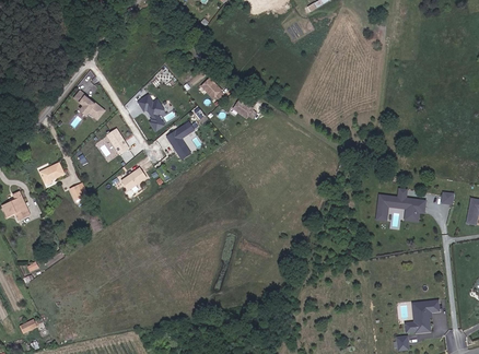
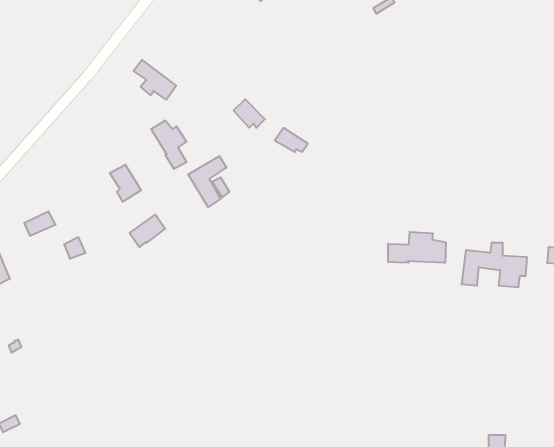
building: [72,90,105,120] -> [134,60,176,100]
building: none -> [388,232,446,263]
building: [404,298,441,333] -> none

